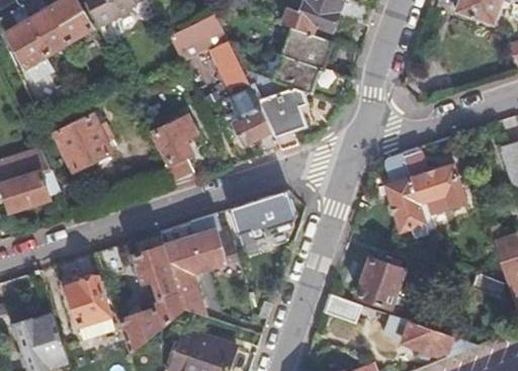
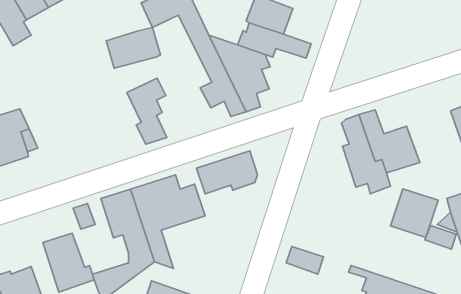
building: none -> [106,28,161,68]
building: [56,114,113,171] -> none
building: [356,254,407,305] -> [390,189,438,237]

